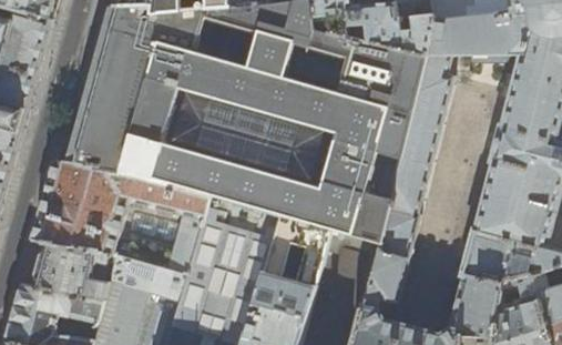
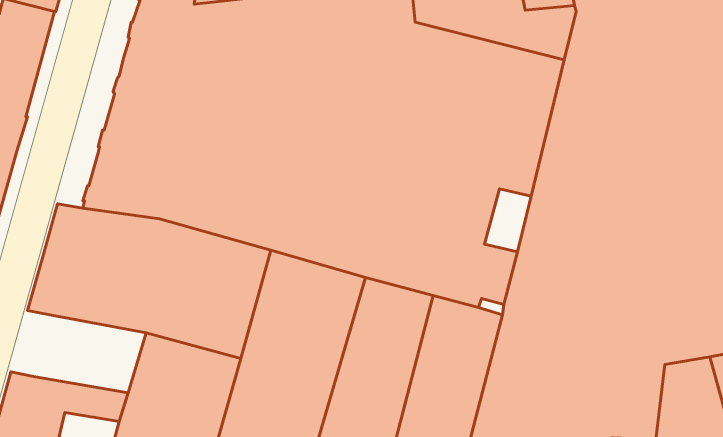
building: [32,244,115,302] -> none

